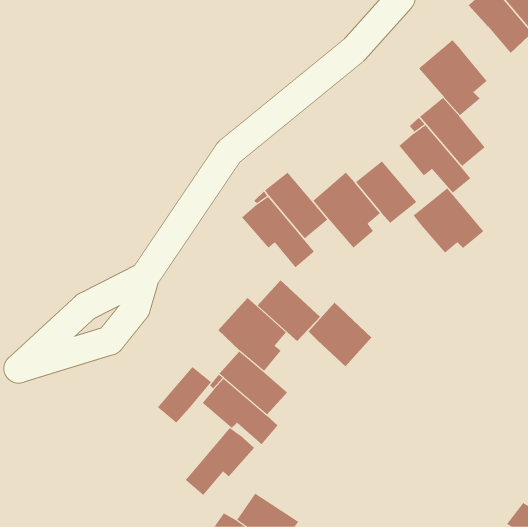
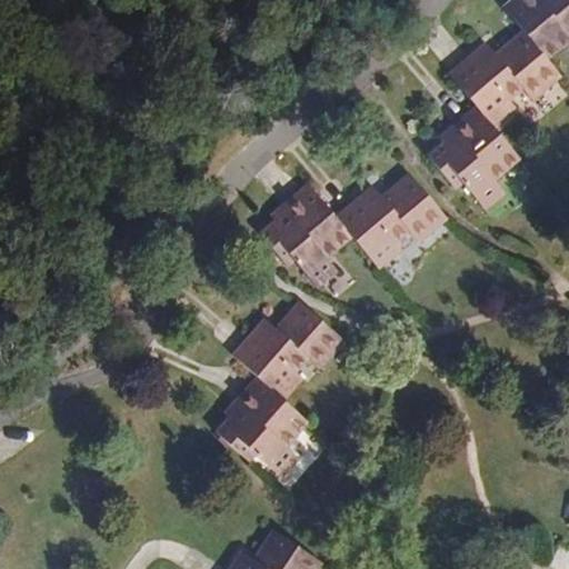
building: none -> [497,29,563,99]
building: [413,187,484,254] -> none
building: [308,302,372,367] -> none
building: [157,366,212,423] -> none
building: [185,427,255,496] -> none

